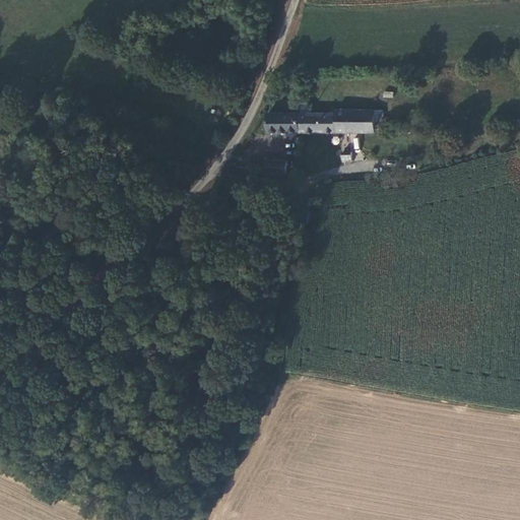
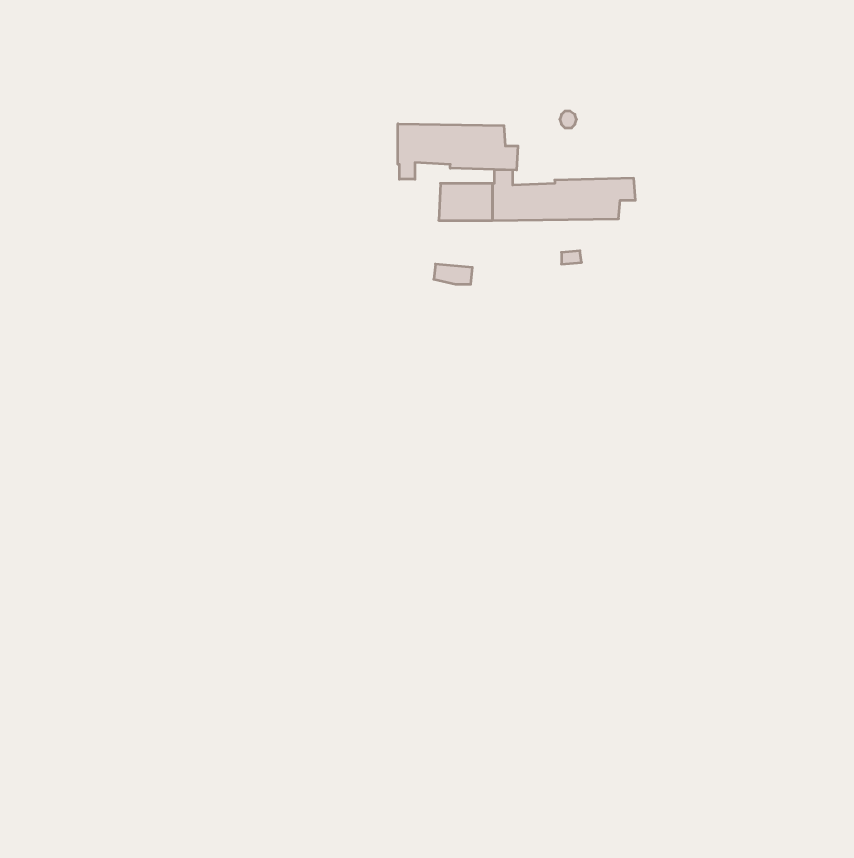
building: none -> [398,124,518,179]

